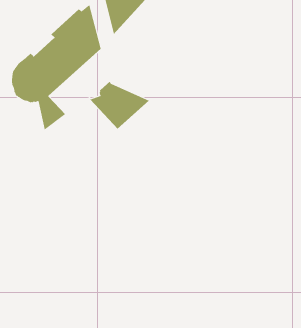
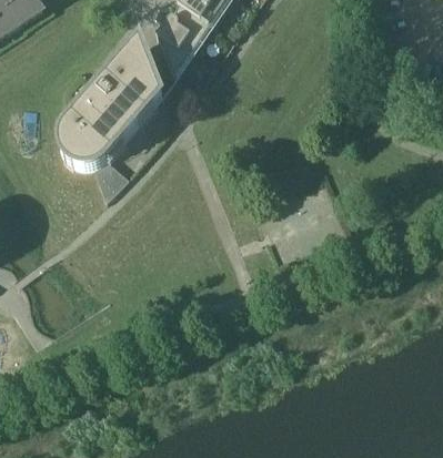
building: [88,81,150,130] -> none

